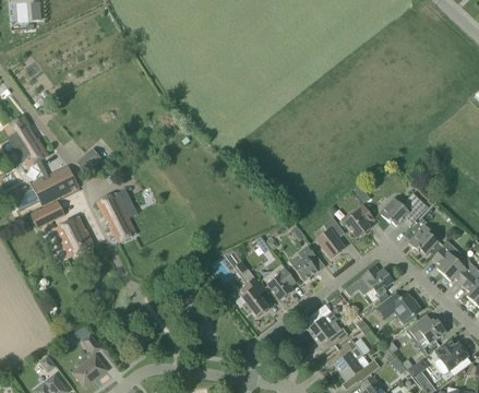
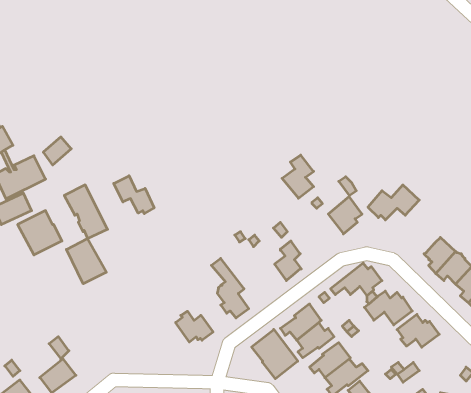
building: none -> [114,176,154,214]
building: [315,217,345,258] -> [282,155,314,198]
building: [408,217,442,255] -> none
building: none -> [66,239,106,284]
building: [267,267,296,299] -> none
building: none -> [176,311,213,342]
building: none -> [252,329,298,379]
building: [434,338,468,373] -> none

